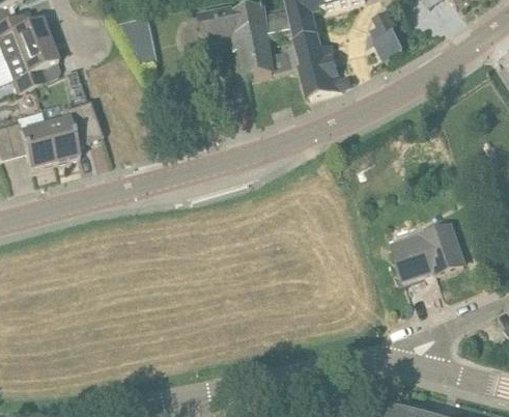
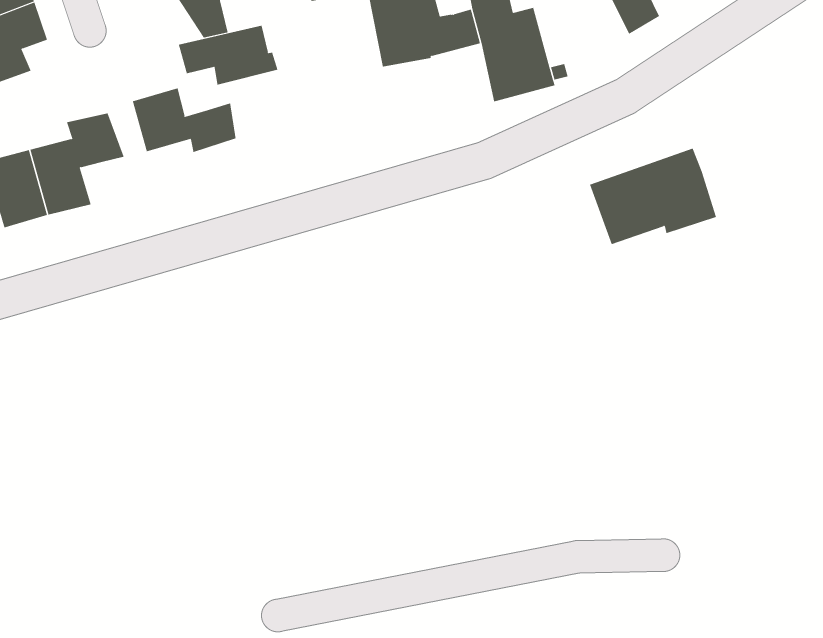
building: none -> [178,25,278,85]
building: none -> [132,87,236,153]
building: [390,223,462,278] -> [589,148,717,245]

